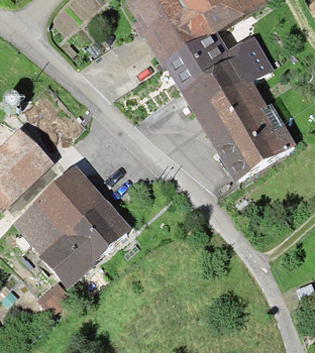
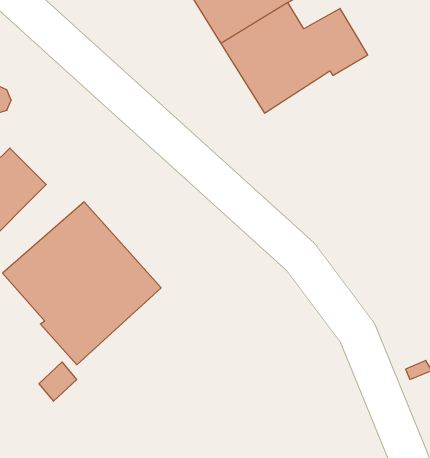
building: [198,83,294,181] -> none

